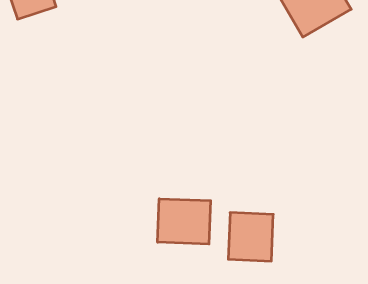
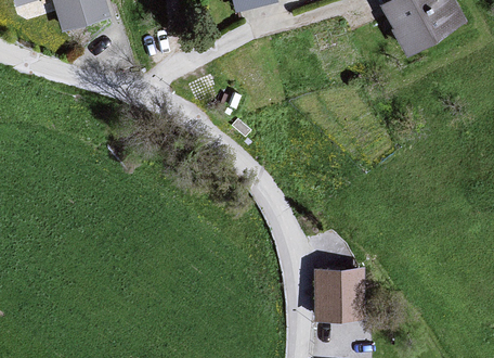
building: [158,199,211,244] -> none

